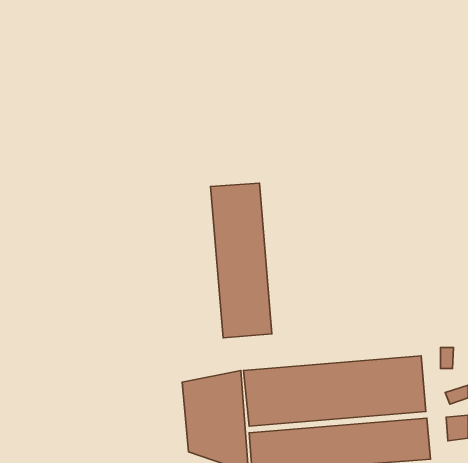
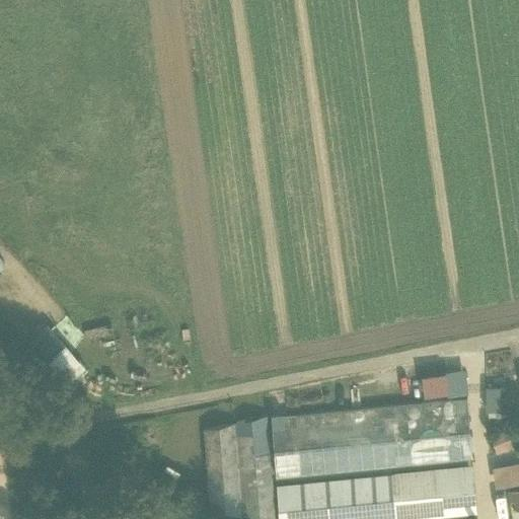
building: [211,183,272,338] -> none
building: none -> [427,374,468,396]

